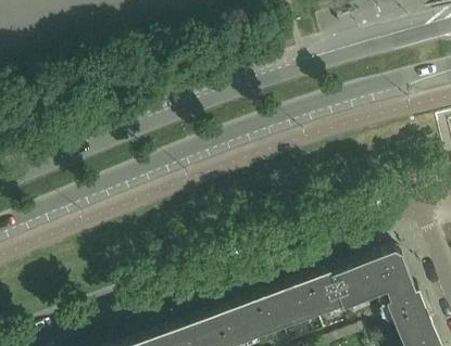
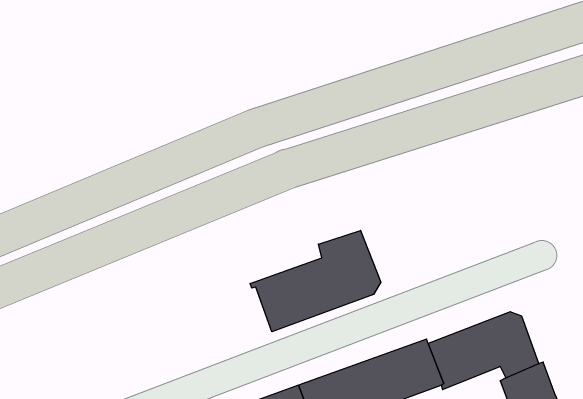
building: none -> [250,230,381,332]

